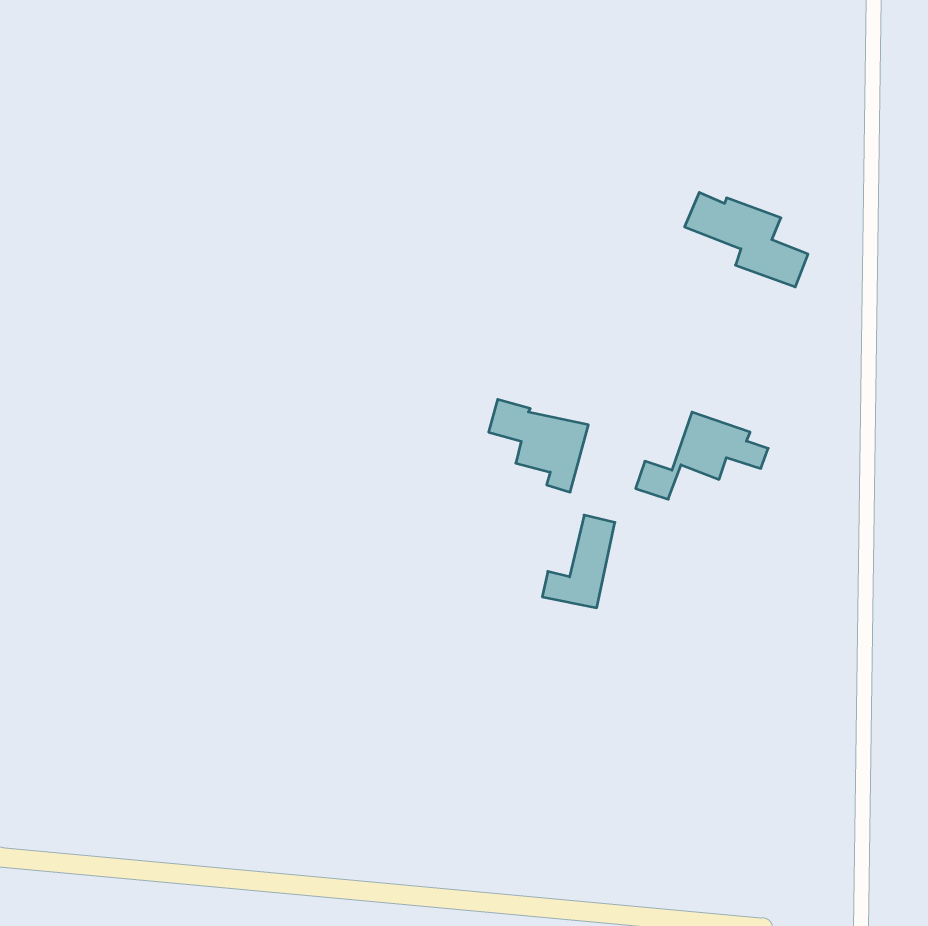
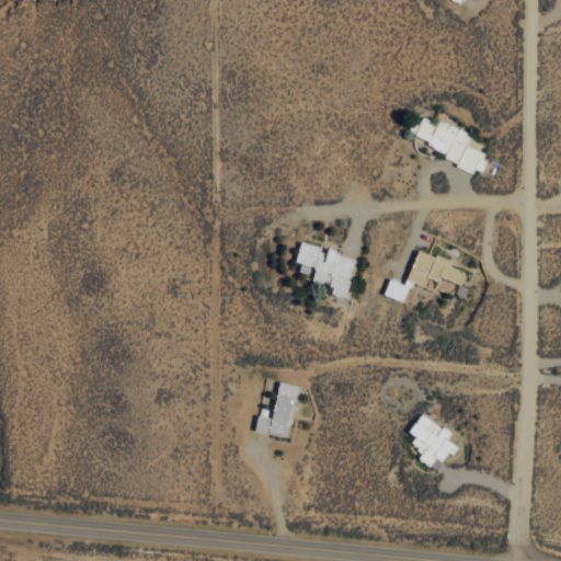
building: [542,515,615,608] -> [254,381,298,437]
building: none -> [409,413,456,467]

